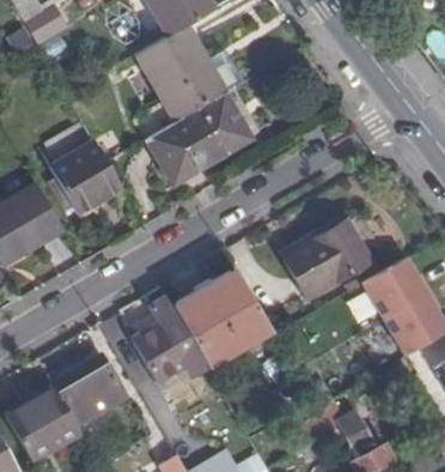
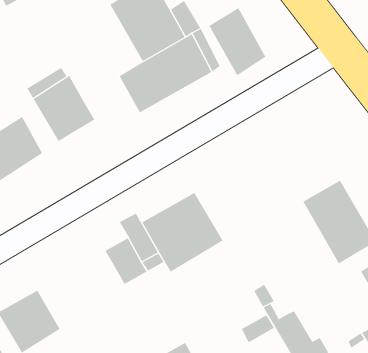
building: none -> [209,7,266,76]
building: [282,222,370,298] -> none
building: [53,357,124,424] -> none

